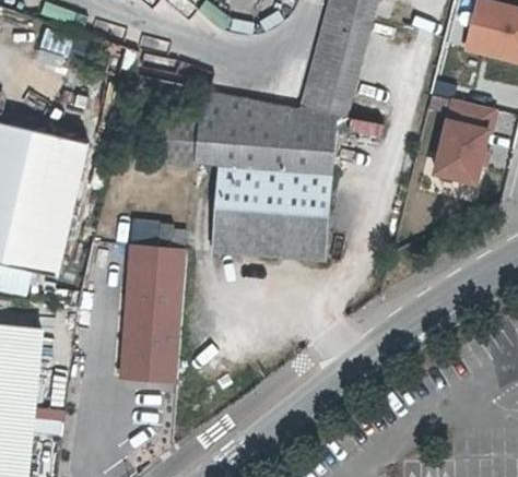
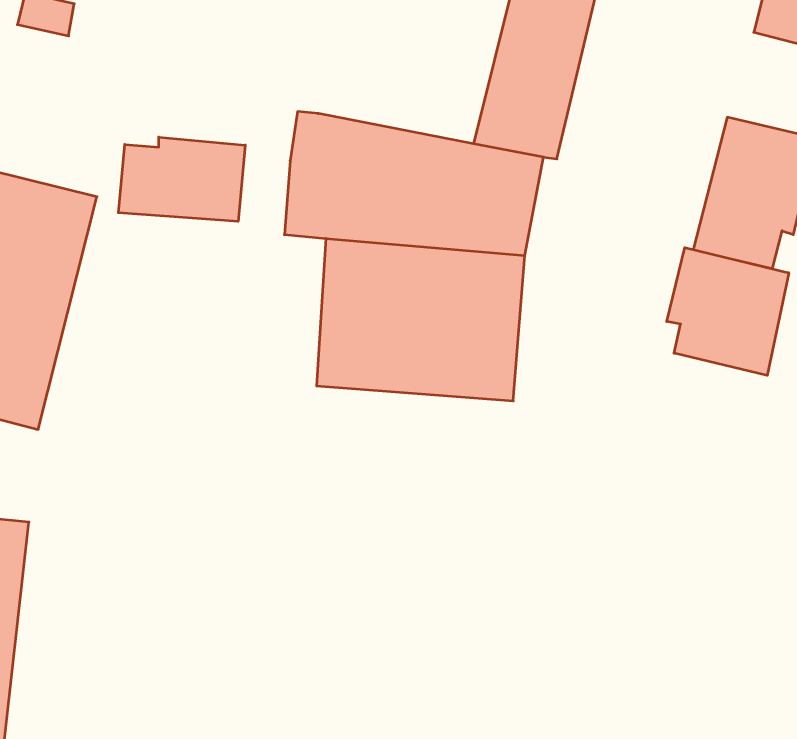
building: none -> [118,137,245,221]
building: none -> [667,248,789,375]
building: [119,241,187,381] -> none

